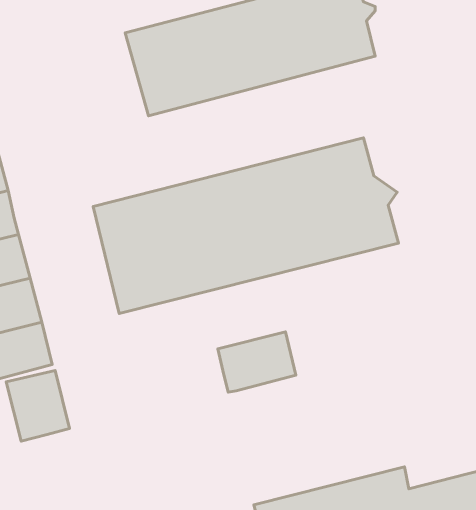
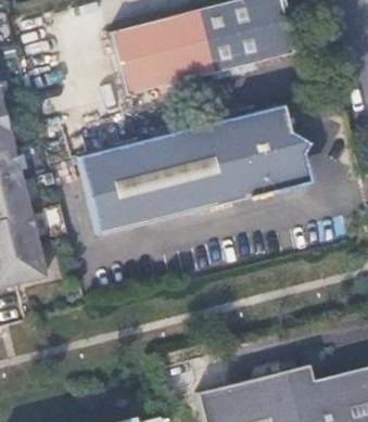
building: [218,332,296,392] -> none
building: [6,370,70,441] -> none

